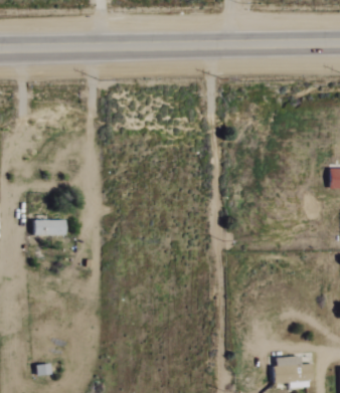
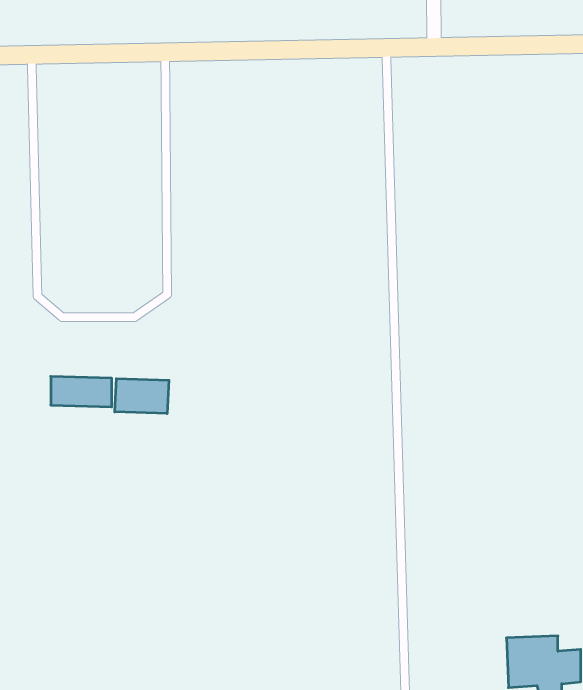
building: none -> [115,379,169,414]

